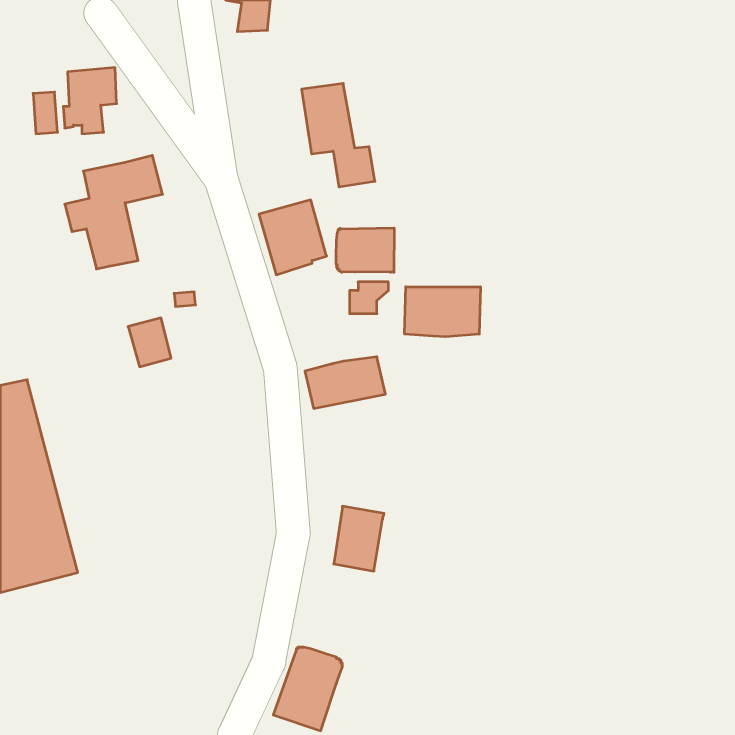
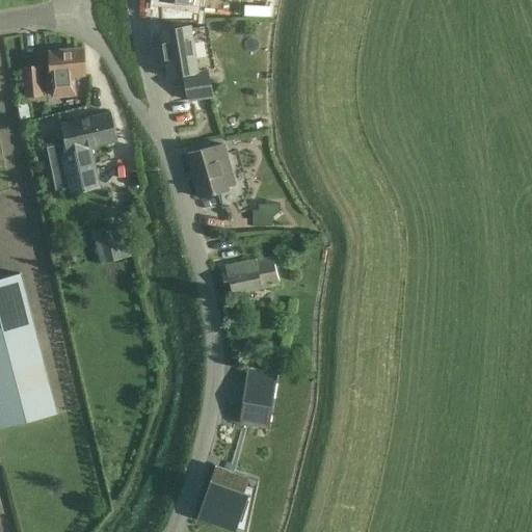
building: [302,83,375,187] -> [159,26,212,101]
building: [336,228,394,272] -> none
building: [405,287,480,337] -> none

